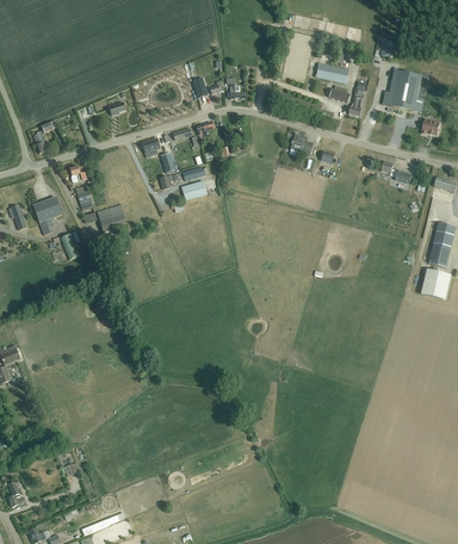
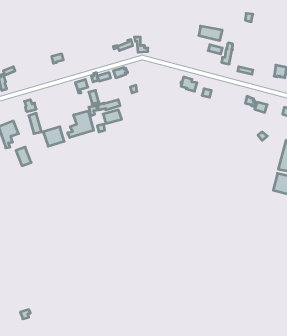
building: [391,69,423,111] -> none
building: none -> [68,111,94,138]

